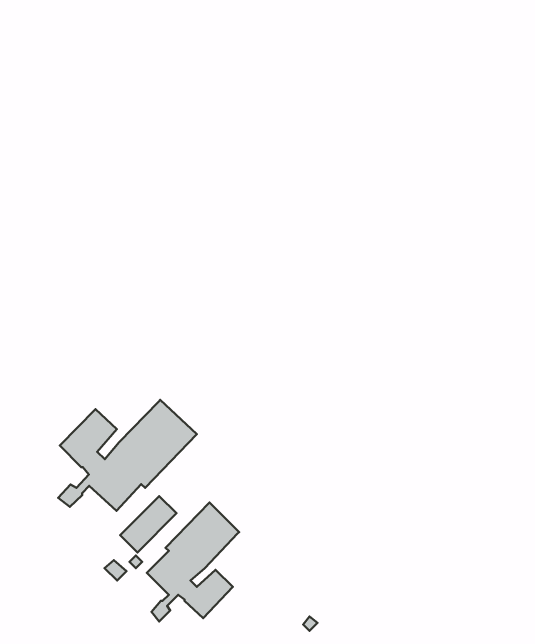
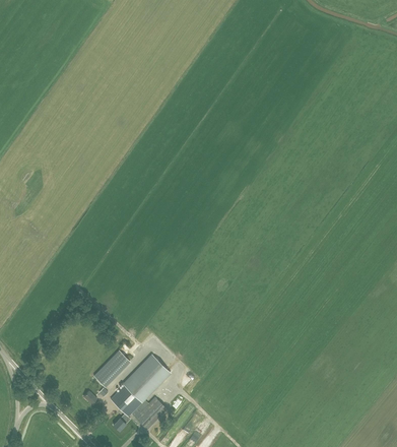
building: [58,400,197,511] -> none

